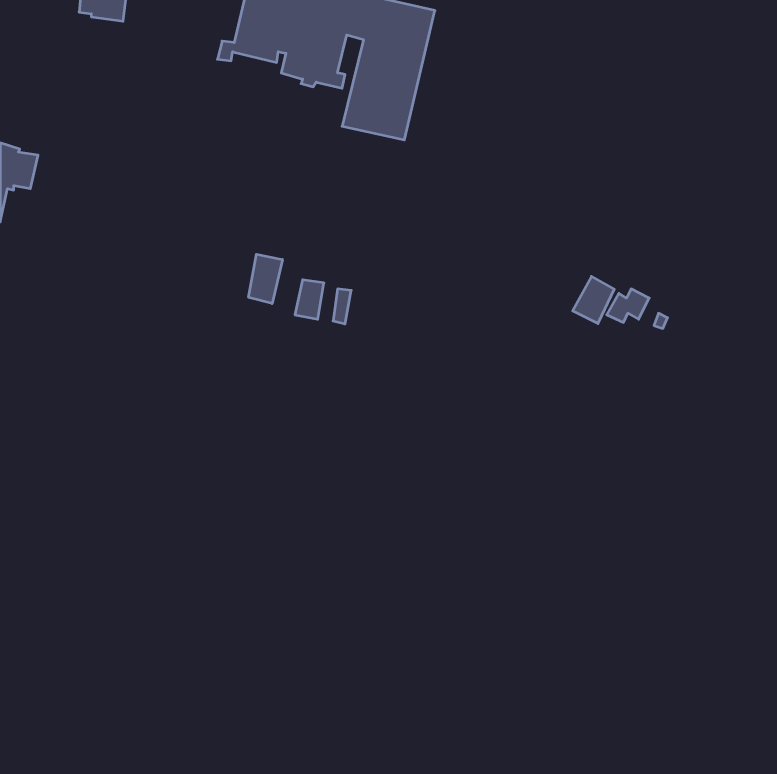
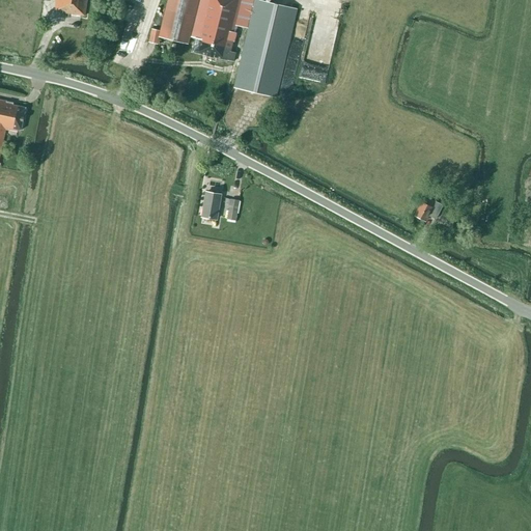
building: [249,254,282,304] -> none
building: [573,276,614,324] -> none

